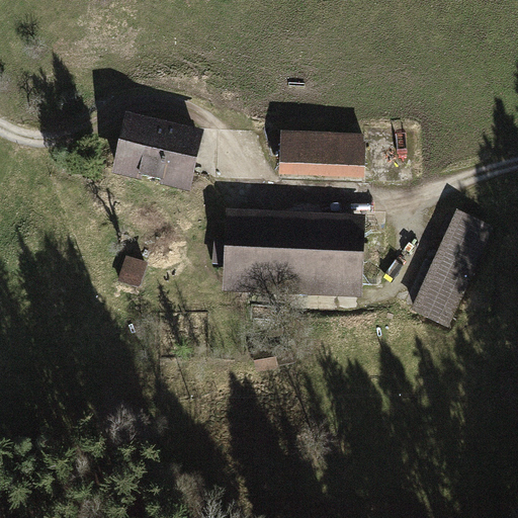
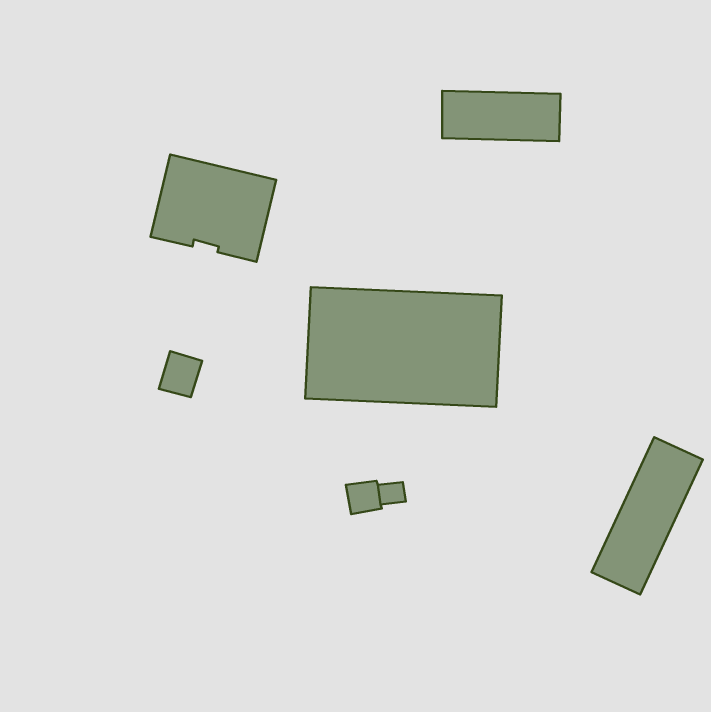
building: [281,137,367,173] -> [442,91,561,141]
building: [412,210,493,325] -> [591,437,703,595]

